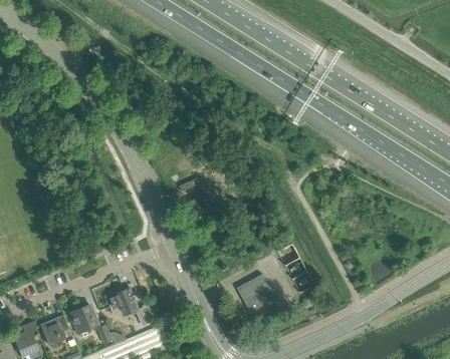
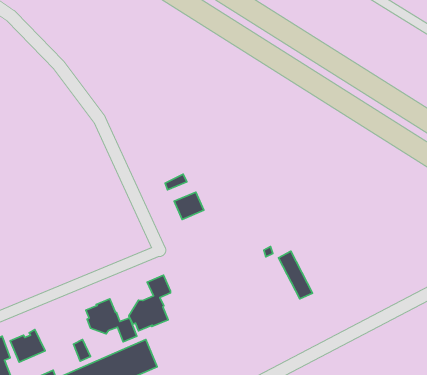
building: none -> [129,275,170,331]
building: [236,273,276,312] -> none
building: [70,304,99,334] -> none

